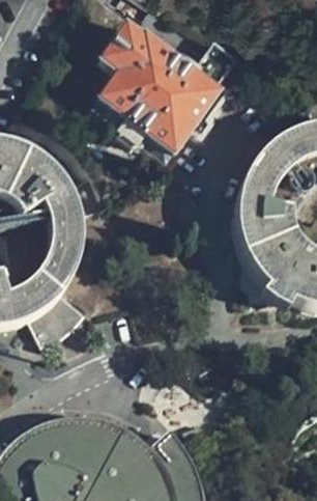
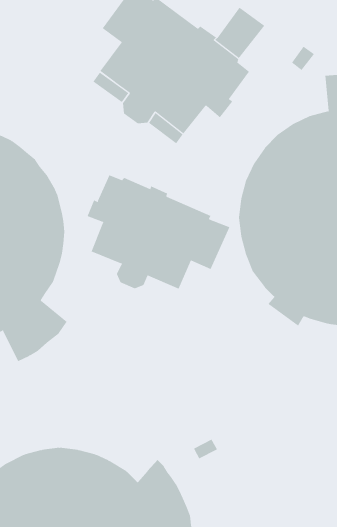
building: none -> [87,174,230,289]

